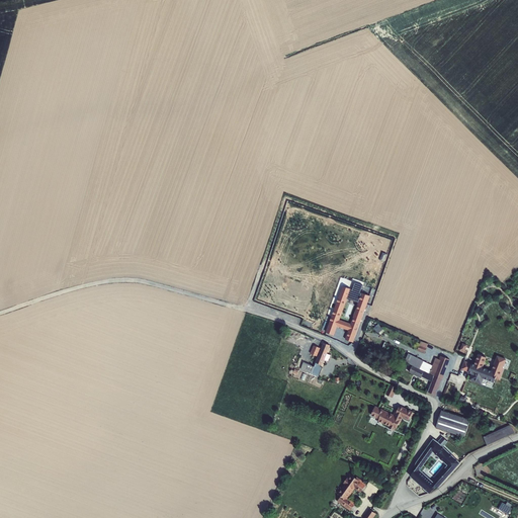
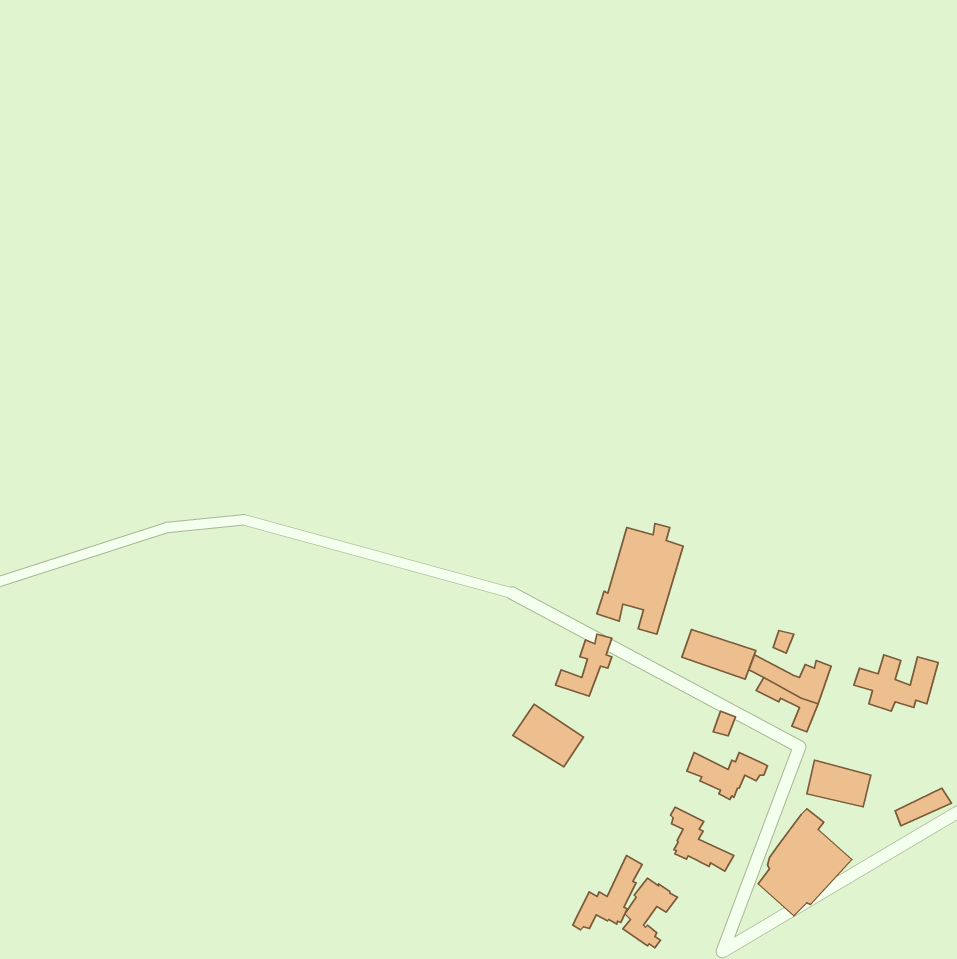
building: none -> [682,630,756,679]
building: none -> [513,704,584,767]
building: none -> [671,807,734,871]
building: none -> [573,855,642,930]

